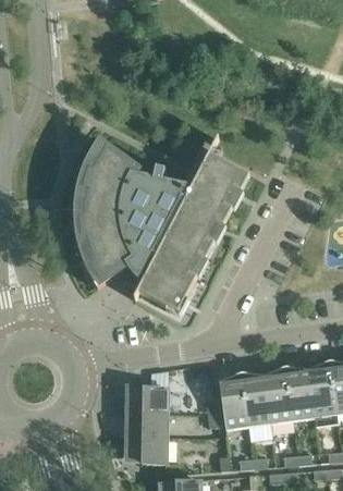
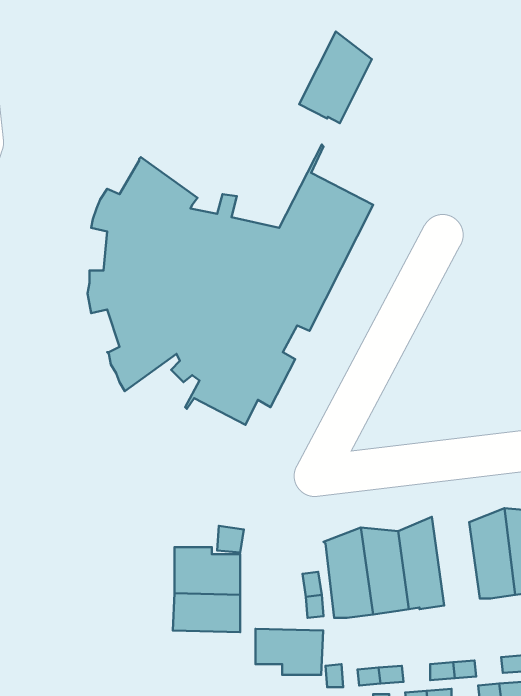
building: none -> [299,31,372,123]
building: [285,367,315,421] -> none
building: [126,437,168,465] -> [256,629,323,675]

